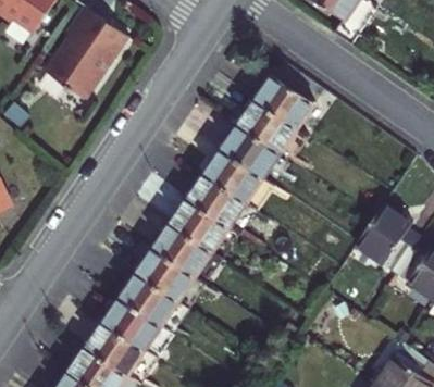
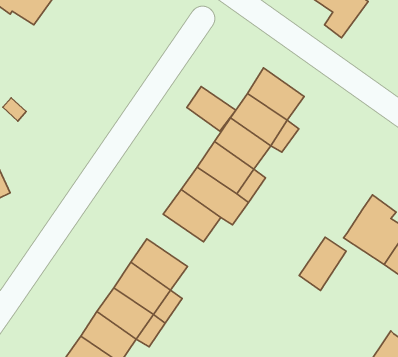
building: [41,15,125,105] -> none
building: none -> [187,86,236,131]
building: [150,224,208,277] -> none
building: none -> [299,237,346,291]

